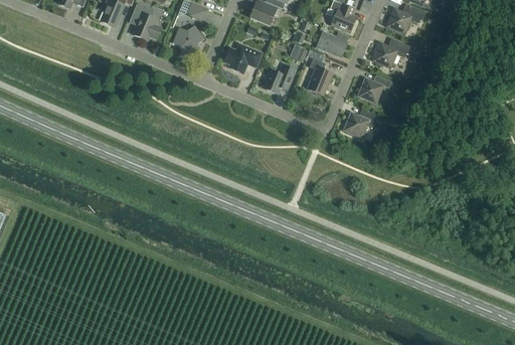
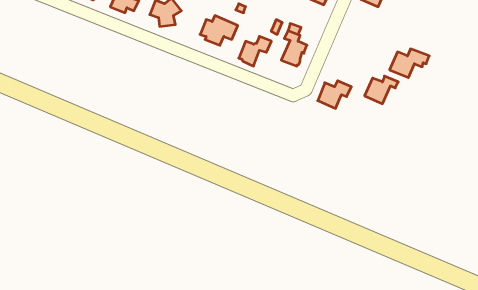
building: [318,31,347,54] -> none
building: [371,38,411,67] -> [390,49,429,78]
building: [357,74,391,103] -> [365,76,398,104]

